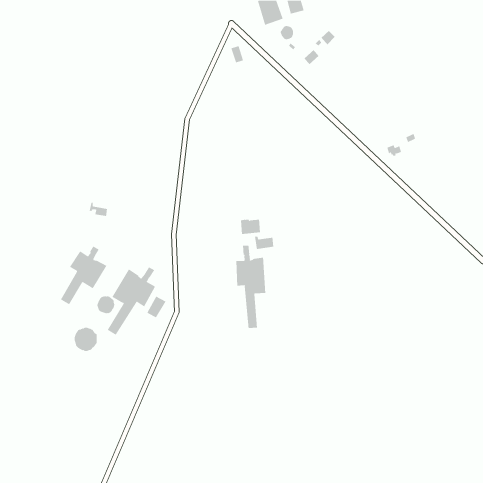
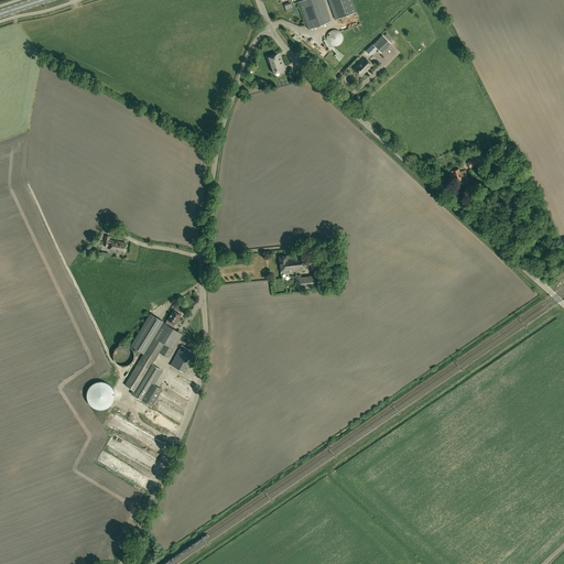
building: [236,245,266,329] -> none
building: [60,245,107,305] -> none

